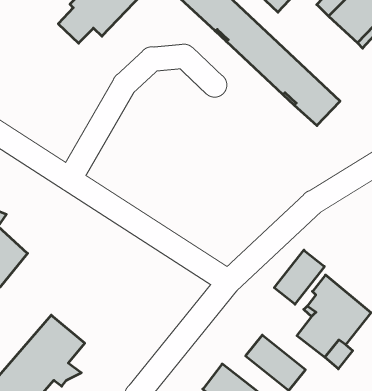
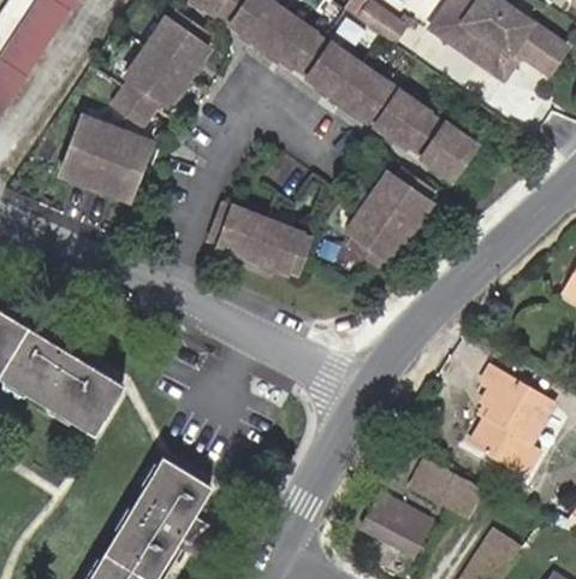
building: none -> [59,113,154,200]
building: none -> [346,169,438,268]
building: none -> [209,203,311,273]
building: [274,250,324,304] -> none

